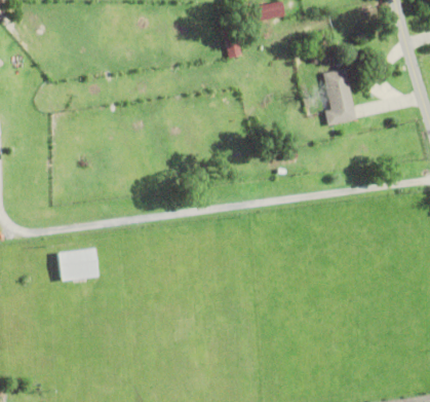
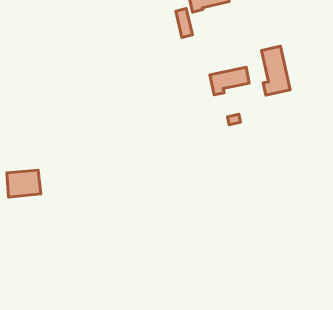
building: none -> [210,67,249,95]
building: [61,248,101,280] -> [7,170,41,197]

